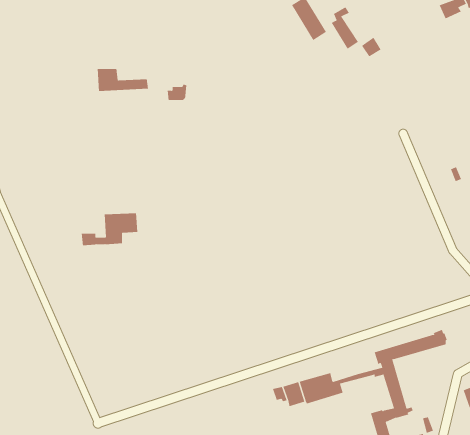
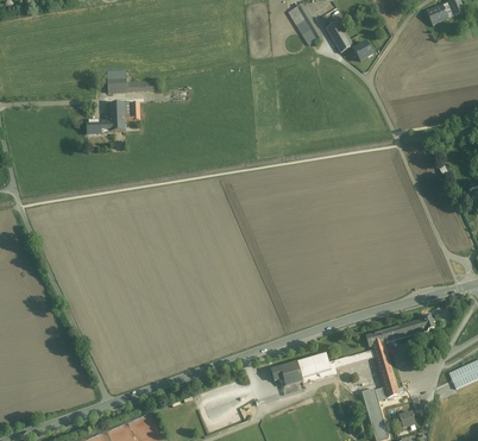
building: [81,213,138,246] -> [86,101,139,132]

